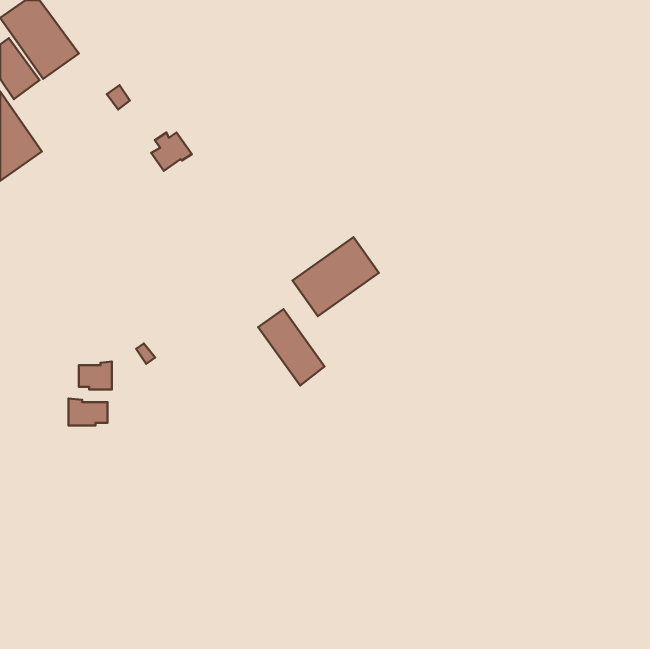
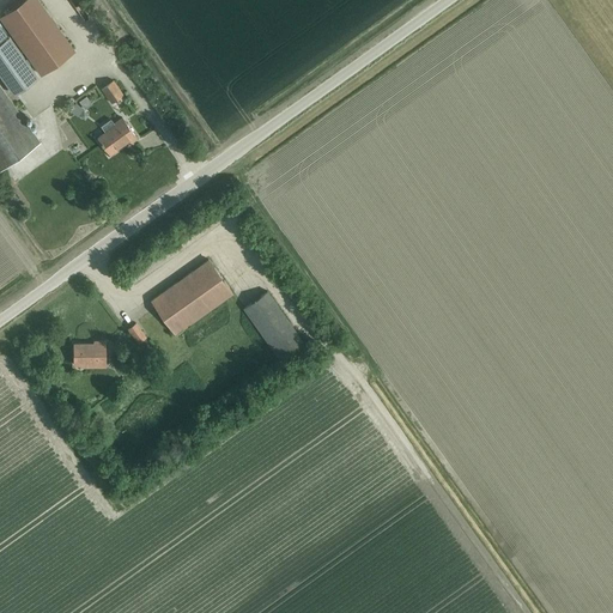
building: [151,133,192,171] -> [98,120,136,156]
building: [292,237,379,316] -> [151,260,232,334]
building: [69,399,107,425] -> none

